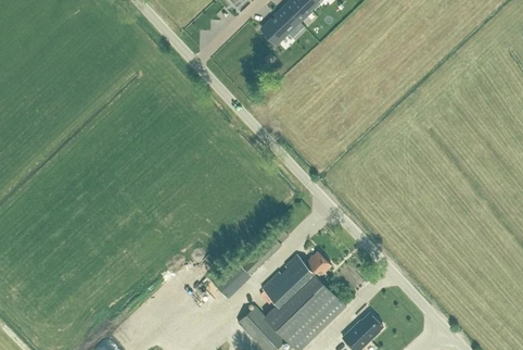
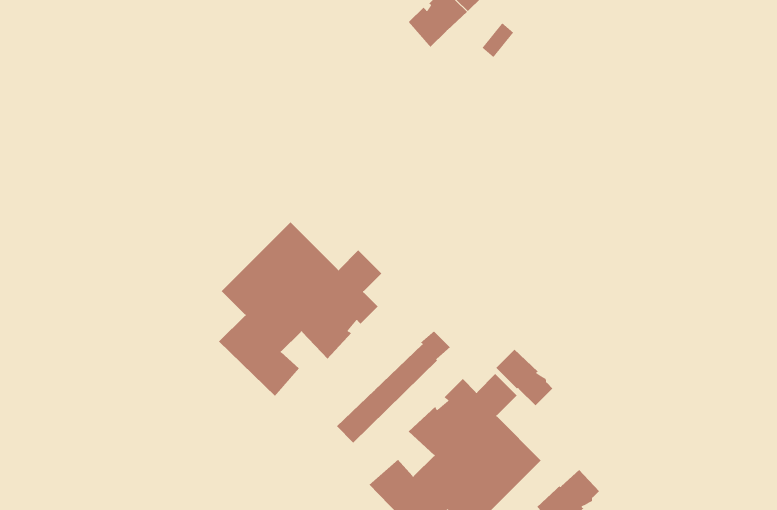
building: none -> [218,222,382,397]
building: none -> [496,349,553,406]

